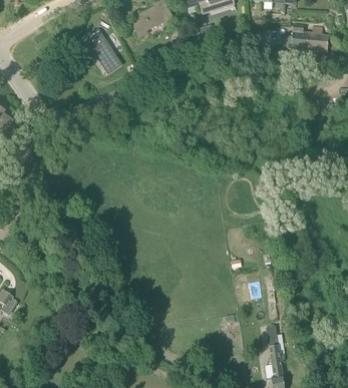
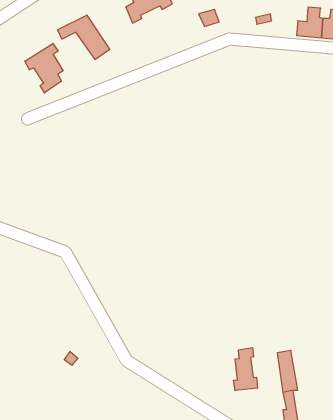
building: none -> [25,43,63,93]
building: none -> [233,348,257,391]

